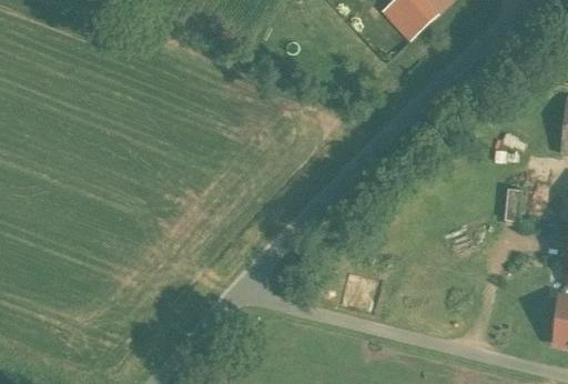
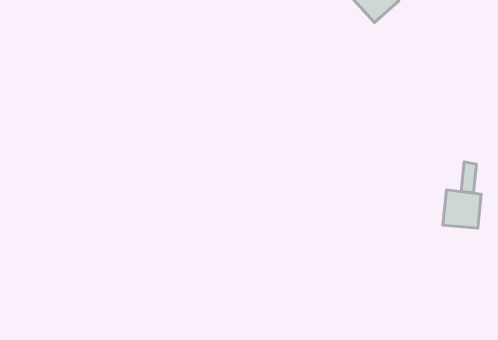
building: none -> [443,190,481,228]

